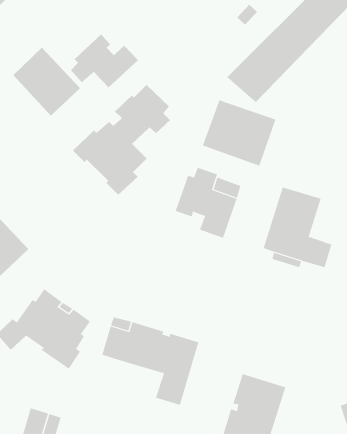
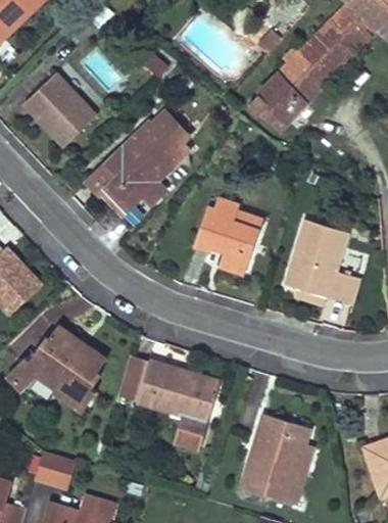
building: [70,34,139,88] -> none
building: [202,99,276,167] -> none

